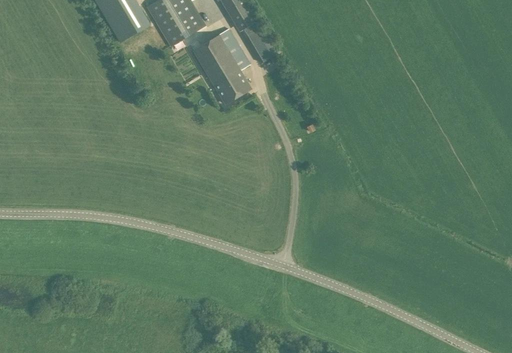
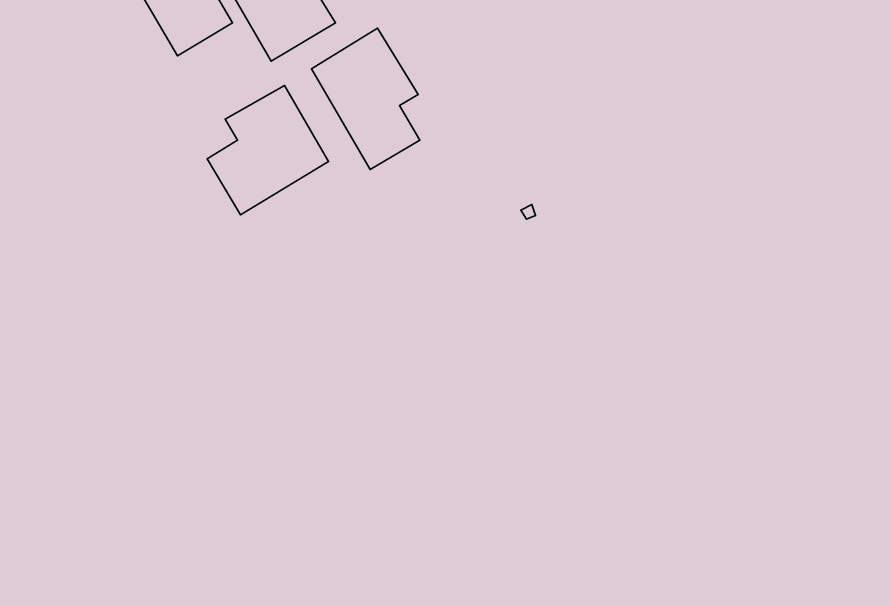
building: none -> [207,86,329,215]

